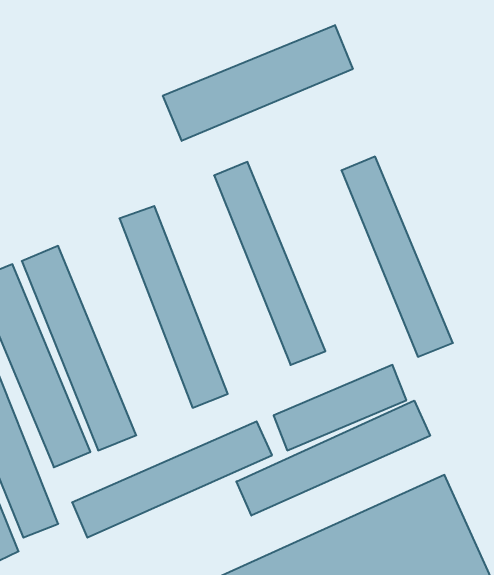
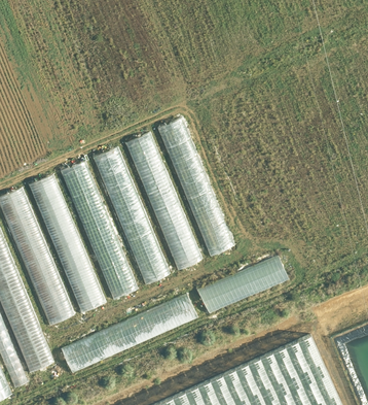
building: [163,25,353,141] -> none
building: [341,157,453,357] -> [125,135,200,270]
building: none -> [61,164,136,300]
building: [236,401,430,516] -> none

